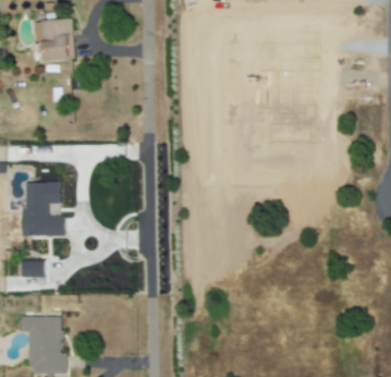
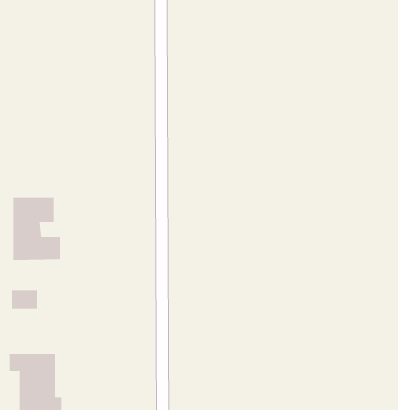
building: [36,20,74,61] -> none

